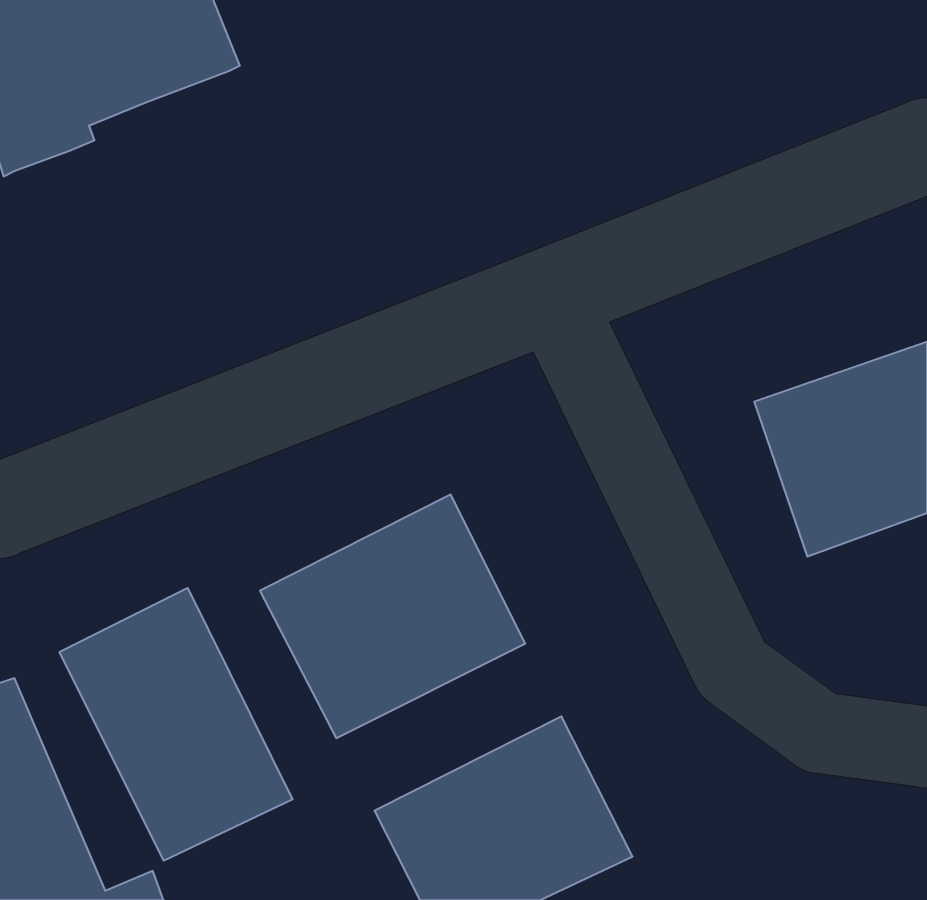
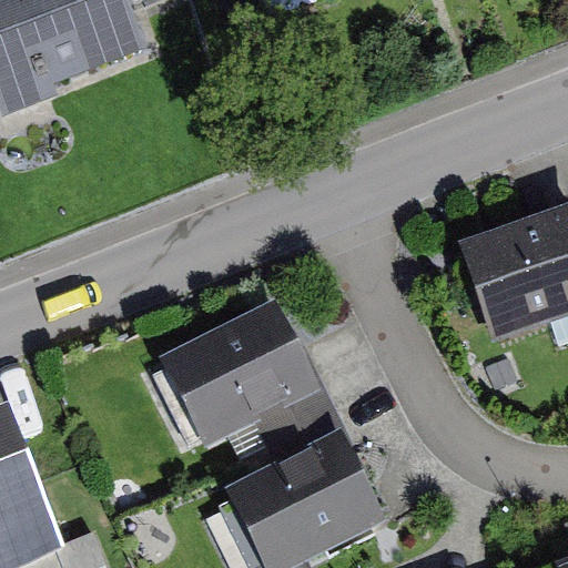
building: [60,588,293,861] -> none

